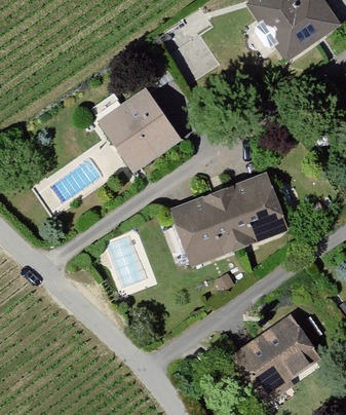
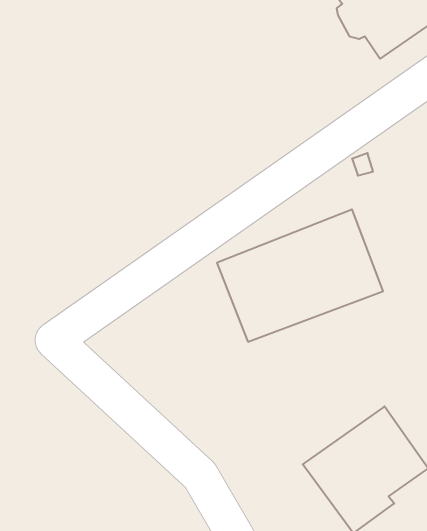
building: [94,85,182,172] -> none

